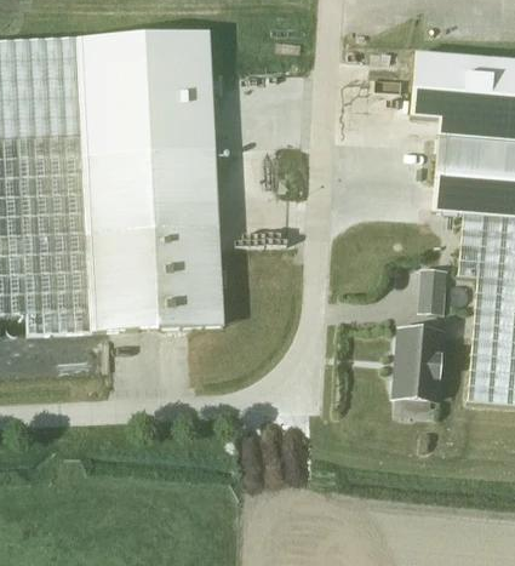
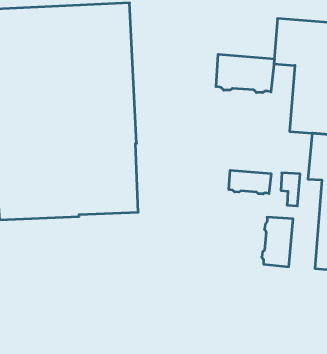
building: none -> [216,54,274,93]
building: none -> [229,170,271,194]

